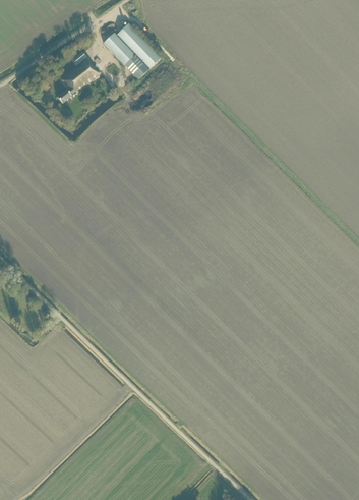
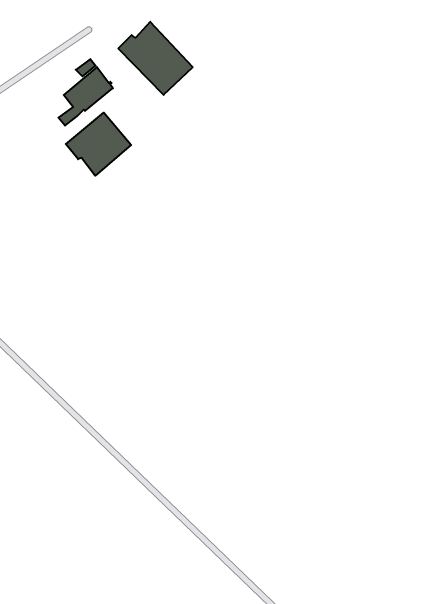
building: none -> [66,113,131,176]

